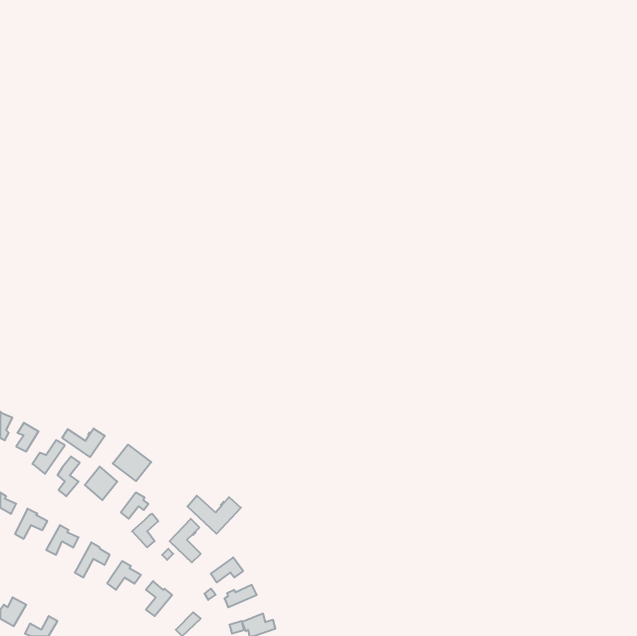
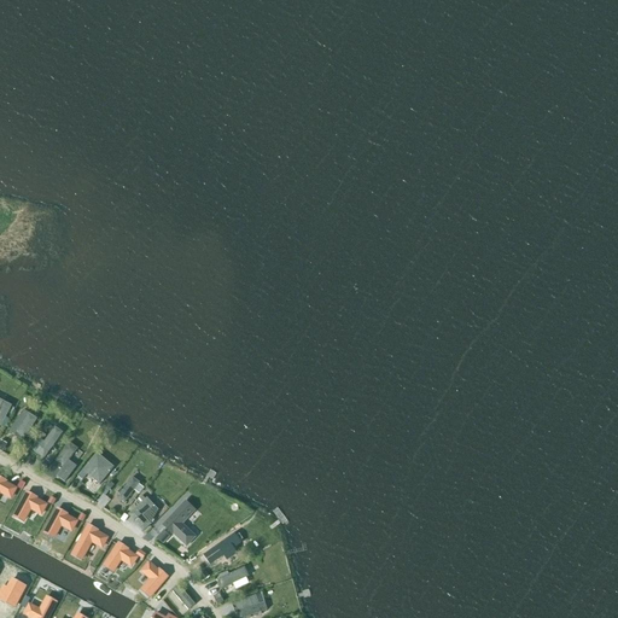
building: [62,428,105,457] -> none
building: [113,445,151,481] -> none
building: [187,496,241,534] -> none

